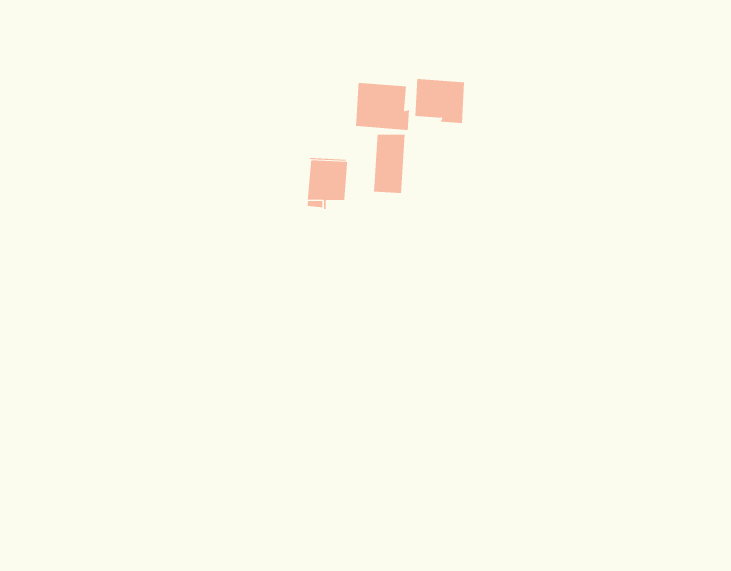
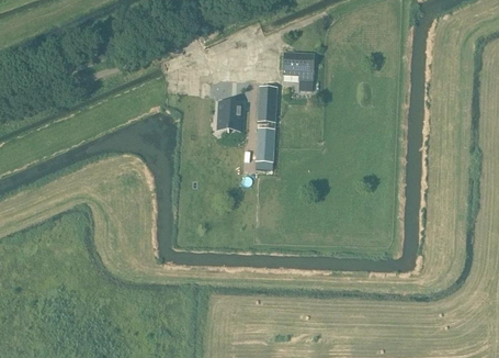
building: [356,82,409,131] -> none
building: none -> [254,128,274,163]

